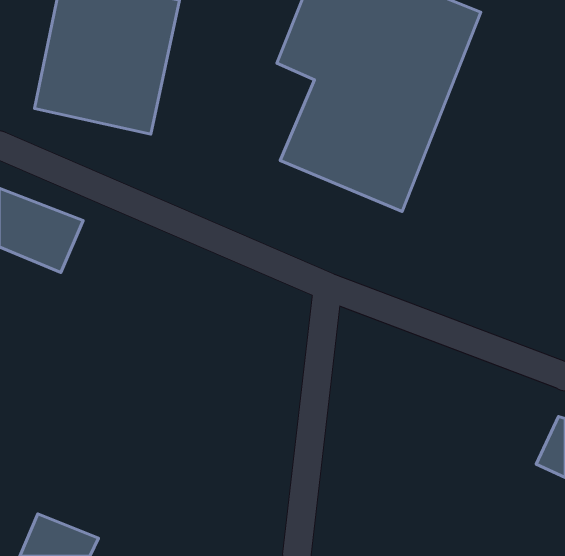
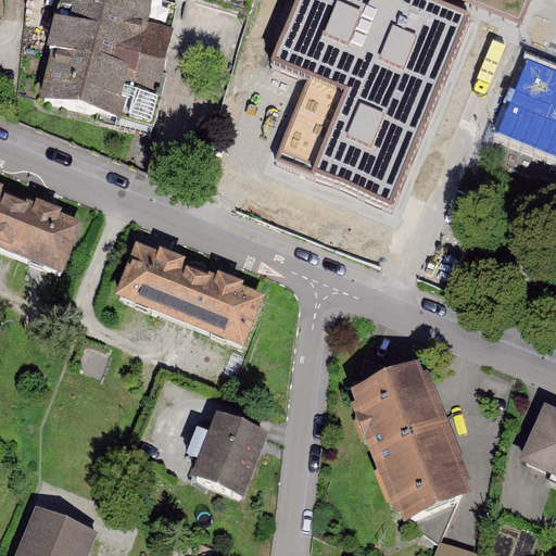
building: none -> [121,242,261,340]
building: none -> [345,366,469,523]
building: none -> [193,414,270,496]

